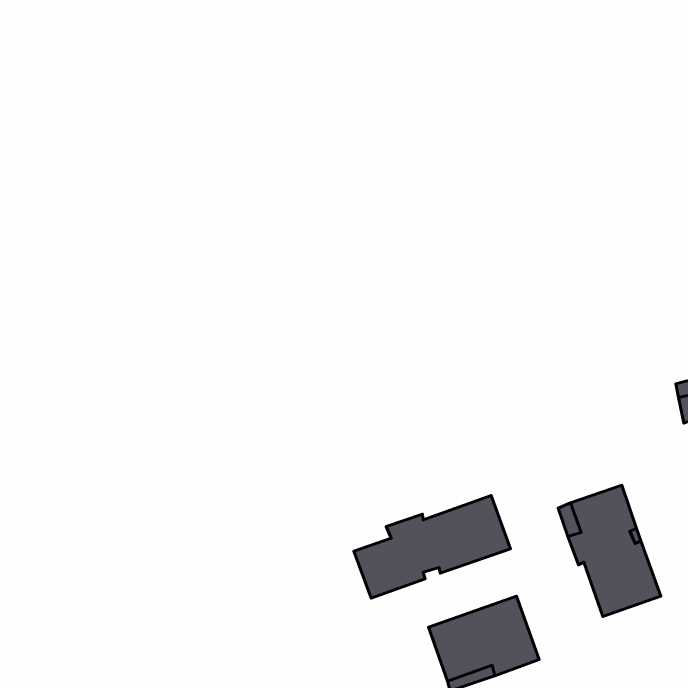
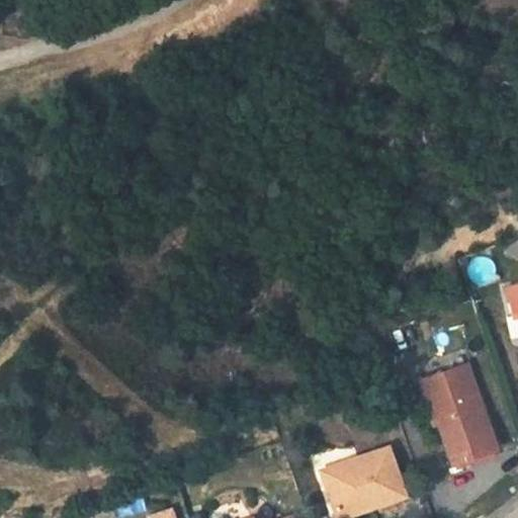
building: [354,496,510,598] -> none

